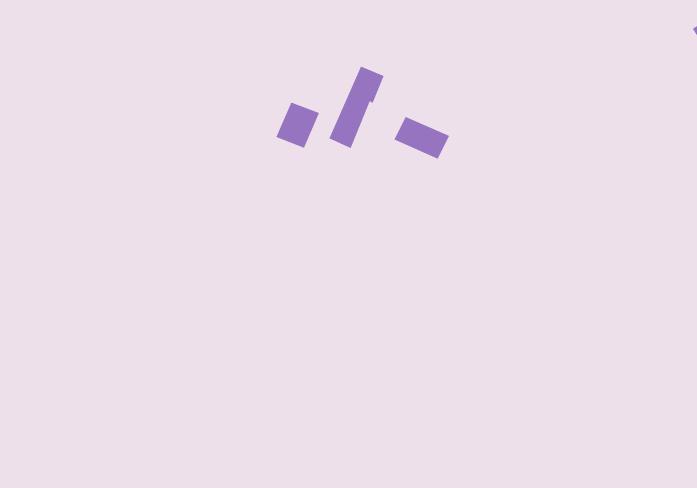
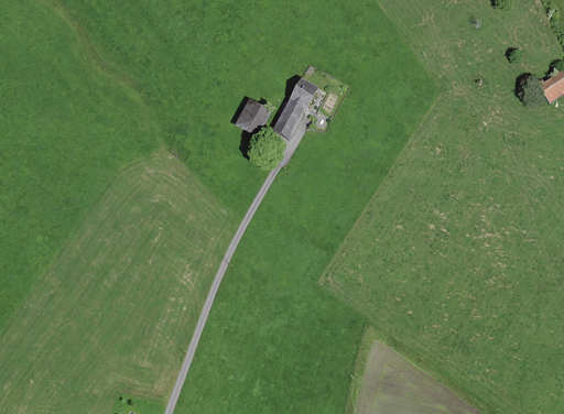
building: [394,116,450,159] -> none

